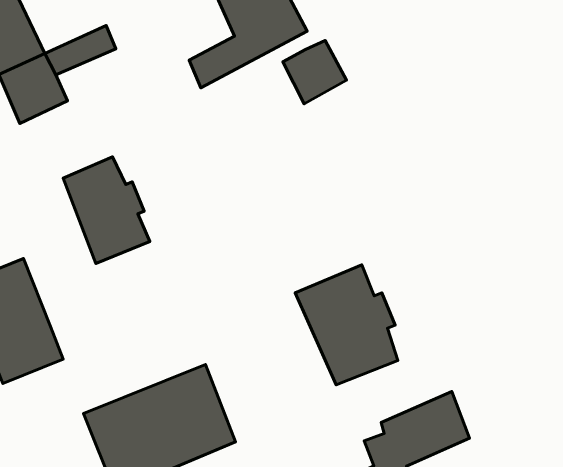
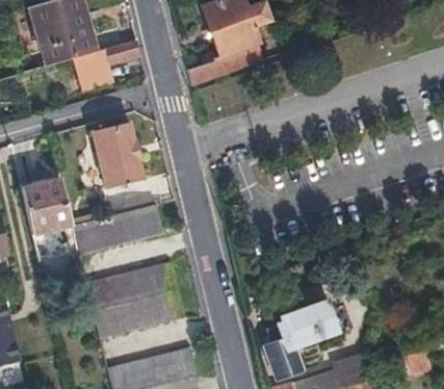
building: [283,40,346,104] -> none
building: [295,265,398,385] -> none
building: none -> [75,205,162,254]

